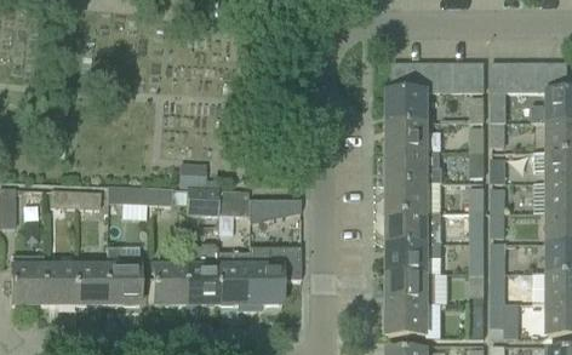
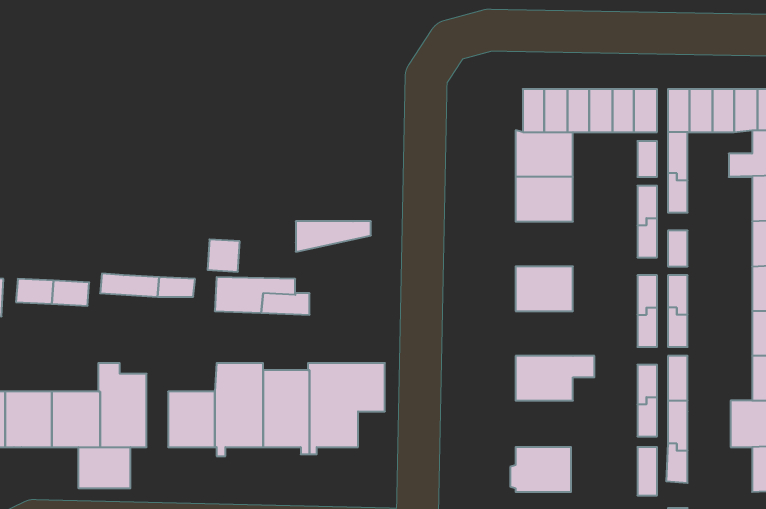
building: [387,151,441,182] -> none
building: [247,200,298,221] -> [296,221,371,252]
building: [387,212,425,242] -> none
building: [387,273,433,304] -> none
building: none -> [79,447,130,488]

